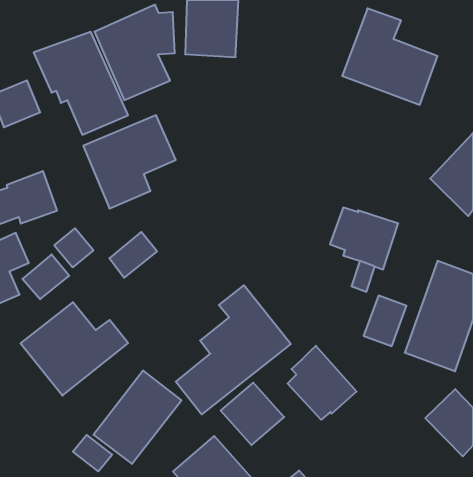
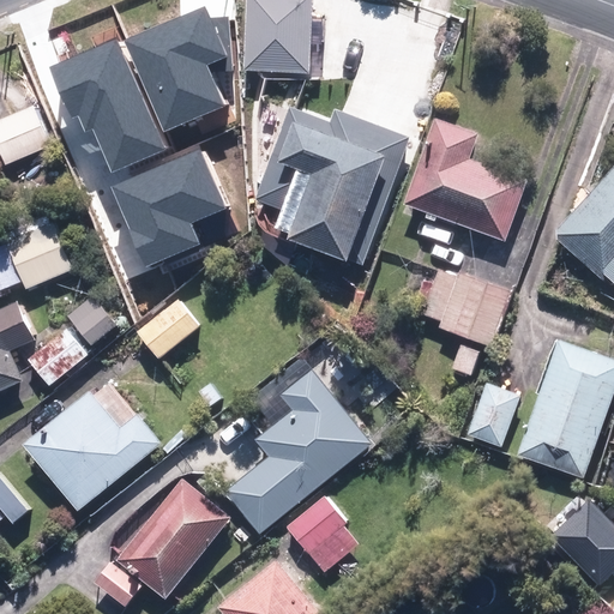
building: [342,8,438,105] -> [407,116,529,240]
building: none -> [251,108,403,266]
building: [288,346,357,420] -> none

